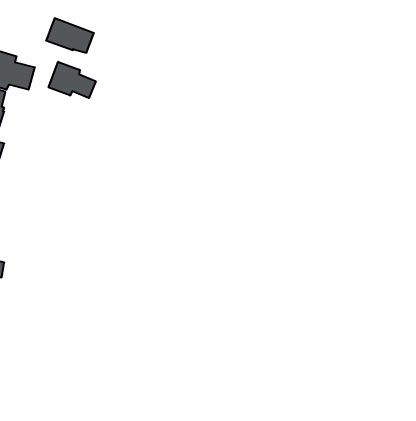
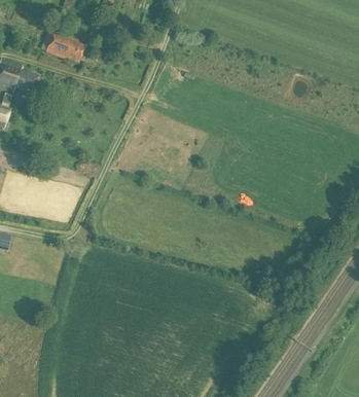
building: [49,62,96,98] -> none

